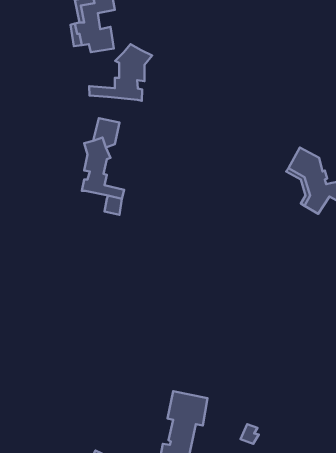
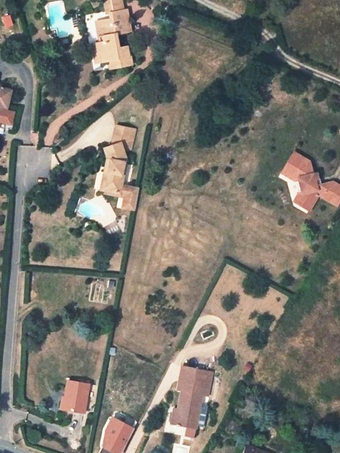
building: [89,44,152,101] -> none
building: none -> [63,380,89,413]

